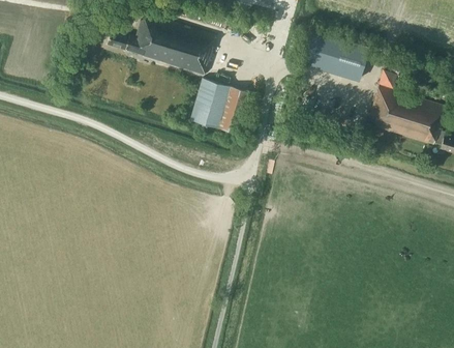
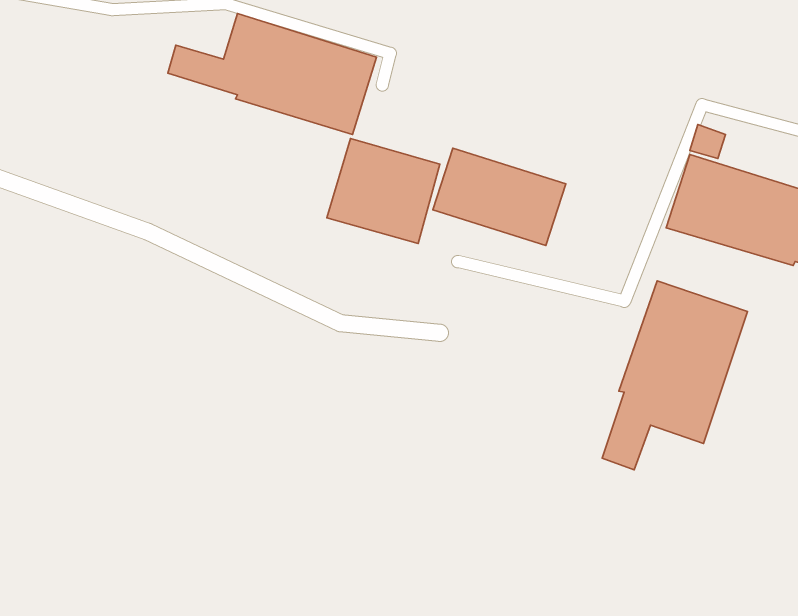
building: [299,30,368,81] -> [433,148,566,245]
building: none -> [602,281,748,470]

